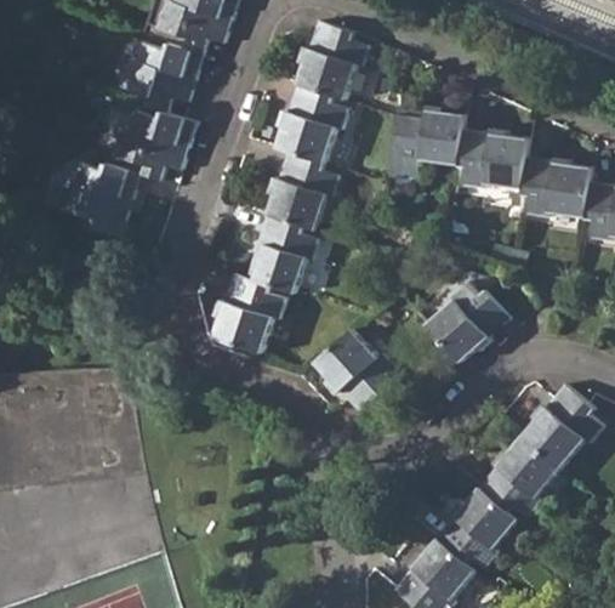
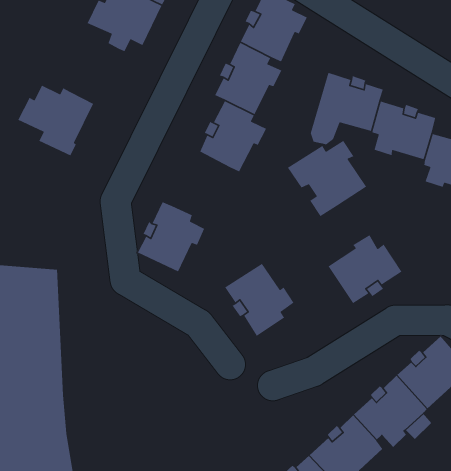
building: [99,112,197,182] -> none
building: none -> [287,140,367,217]
building: [244,215,318,295] -> none

